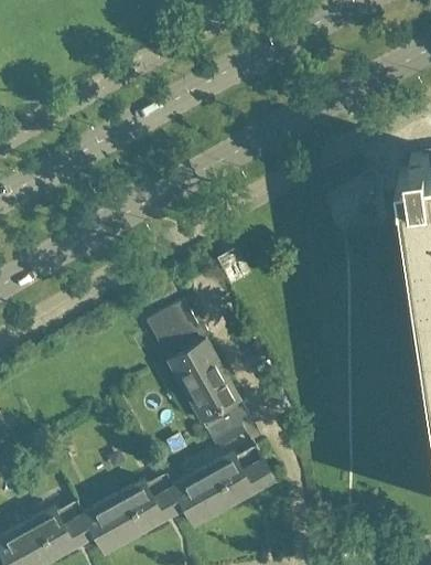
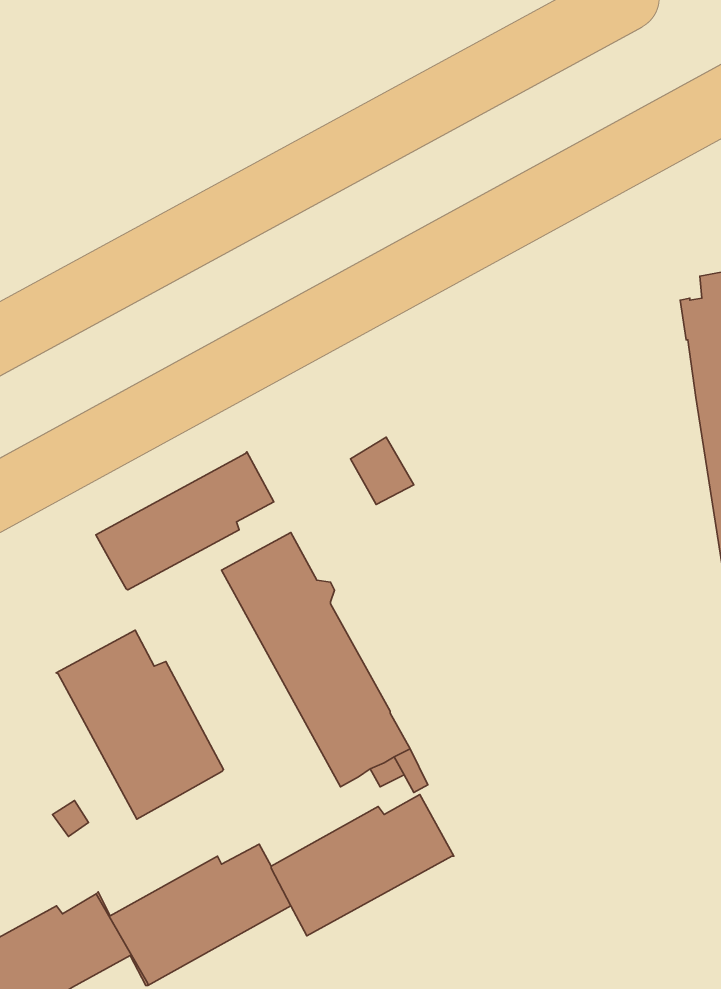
building: none -> [96,452,274,590]
building: none -> [56,630,223,819]

